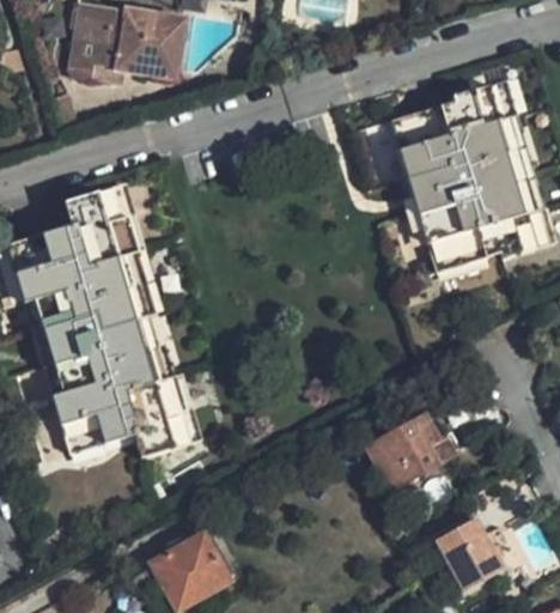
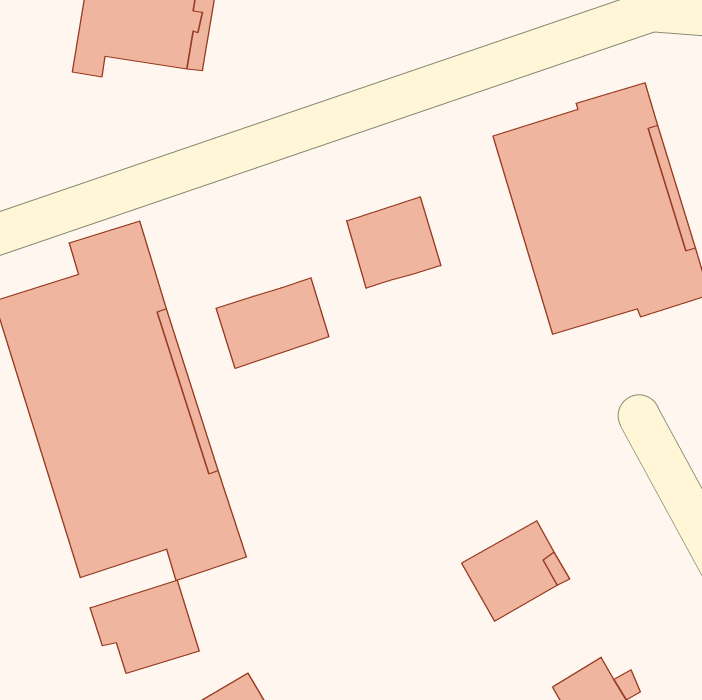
building: none -> [347,197,441,288]
building: none -> [216,278,329,368]
building: none -> [90,580,199,673]

